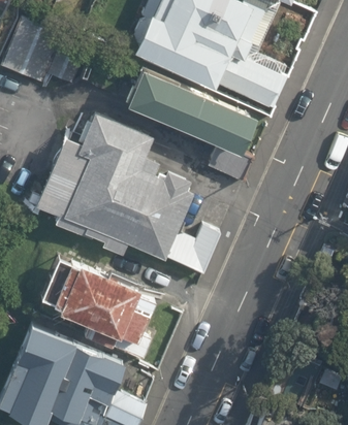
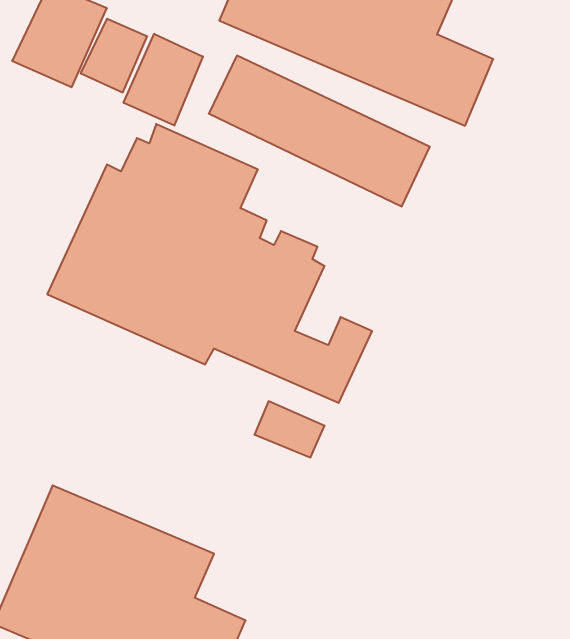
building: none -> [124,34,203,126]
building: [41,260,157,359] -> none

